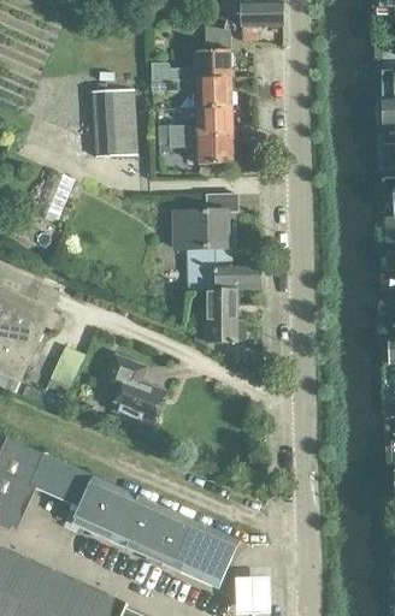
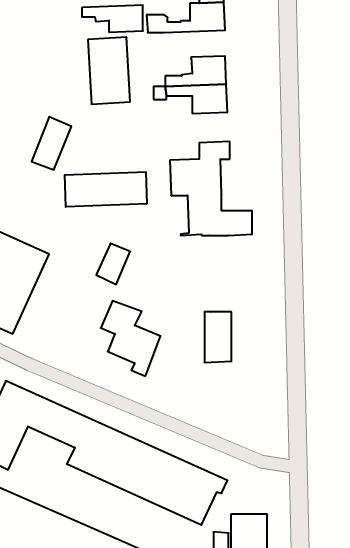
building: [170,79,232,107] -> [82,5,143,32]
building: none -> [65,172,147,207]
building: [208,290,236,342] -> [204,312,231,362]
building: [51,345,86,387] -> [96,243,130,284]

